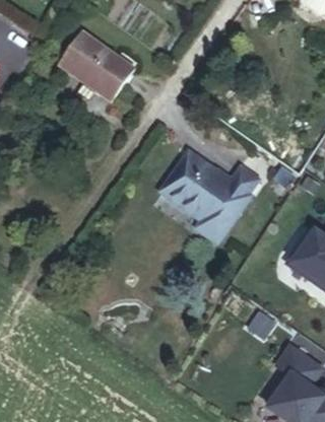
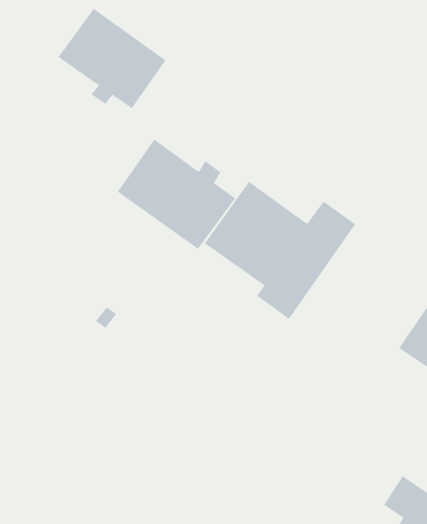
building: none -> [117,139,236,250]

